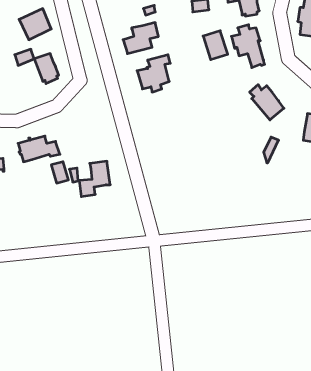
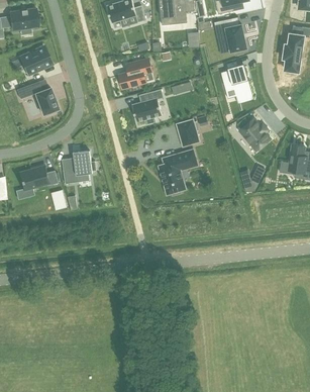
building: [203,31,228,60] -> [176,118,199,145]
building: none -> [159,149,197,194]
building: [79,161,110,197] -> [63,150,92,183]

